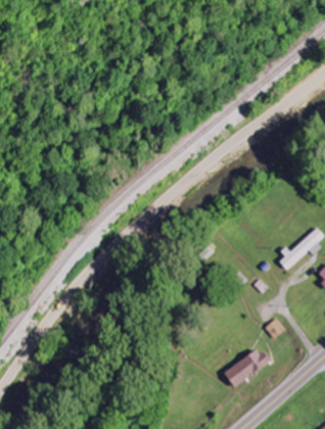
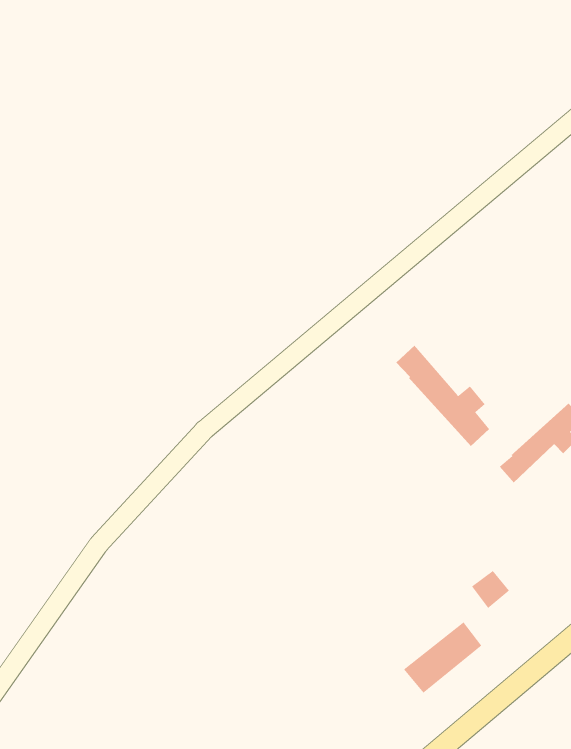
building: none -> [395,345,490,447]

